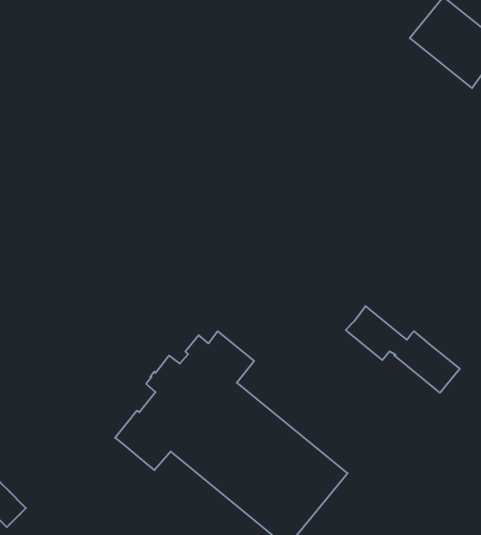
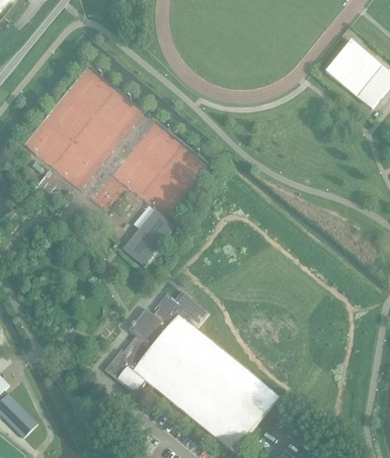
building: none -> [123,208,173,263]
building: [346,306,460,393] -> none

